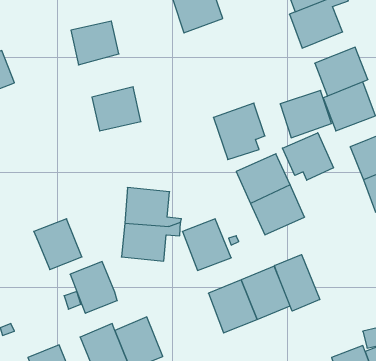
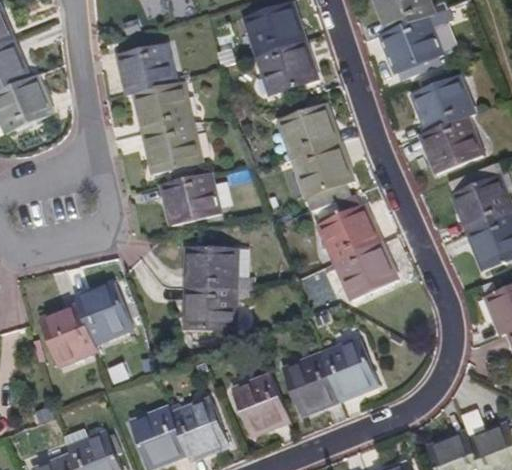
building: none -> [254,43,314,99]
building: none -> [136,83,194,136]
building: [280,90,332,138] -> [276,104,337,160]
building: none -> [159,172,218,224]
building: [282,133,333,180] -> none
building: [182,219,231,270] -> [233,373,291,434]
building: [275,255,320,311] -> none
building: [70,262,117,313] -> [42,304,98,365]

